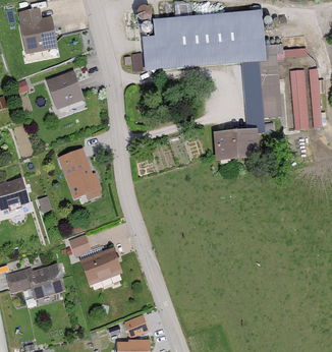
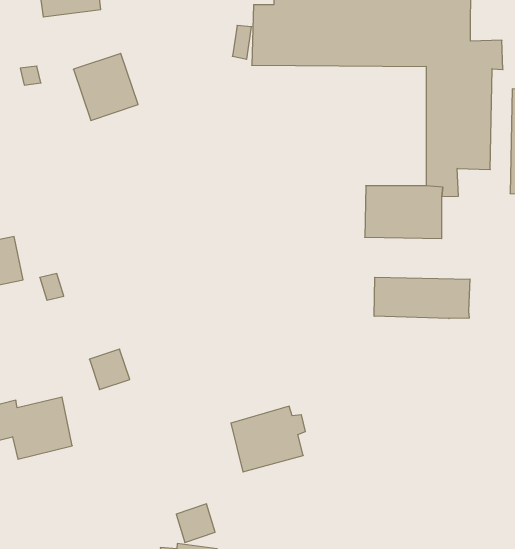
building: [59,149,102,197] -> none
building: none -> [374,277,470,319]
building: [80,247,122,286] -> [231,406,305,472]

